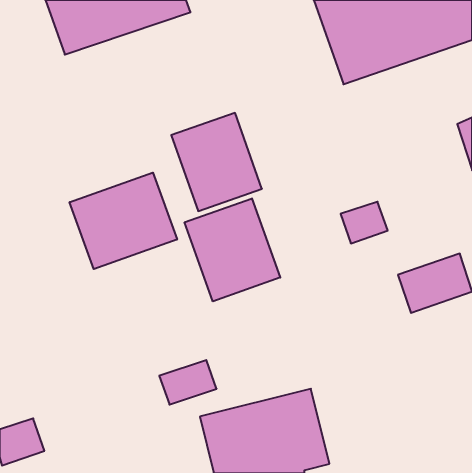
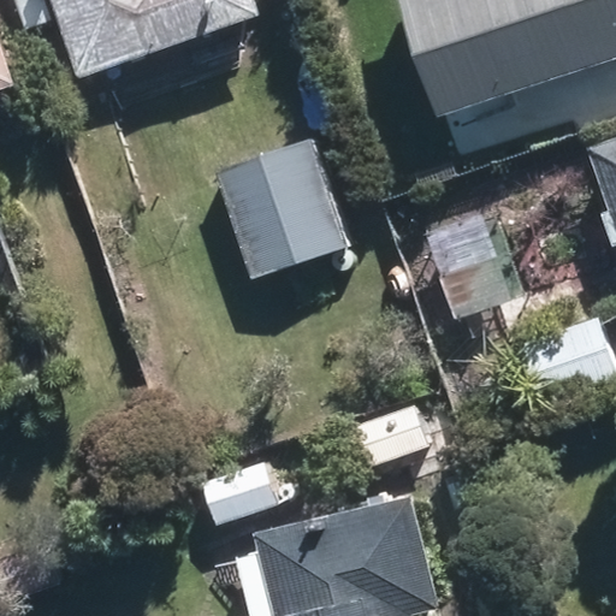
building: [70,173,177,269] -> none
building: [185,198,280,301] -> none

